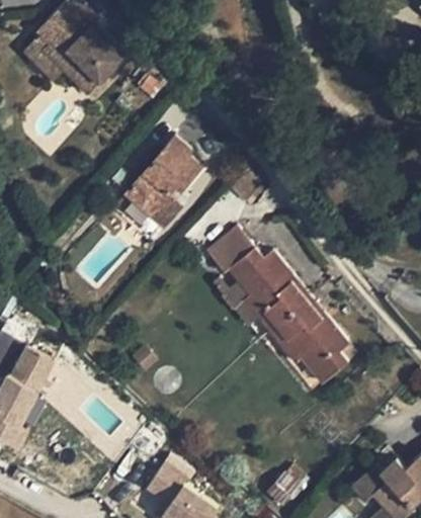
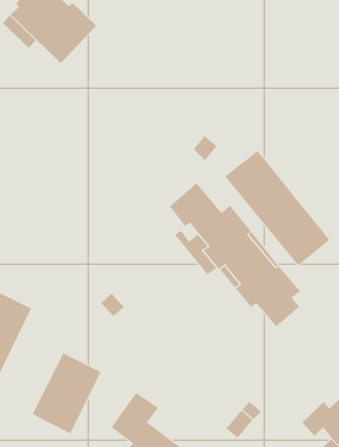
building: [115,135,202,227] -> none
building: none -> [225,150,330,266]
building: none -> [32,353,101,434]

